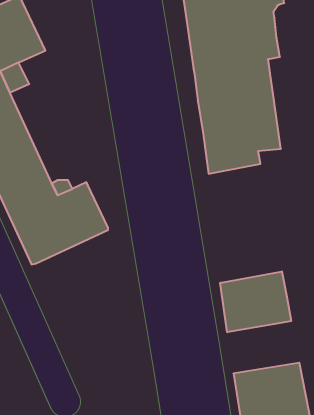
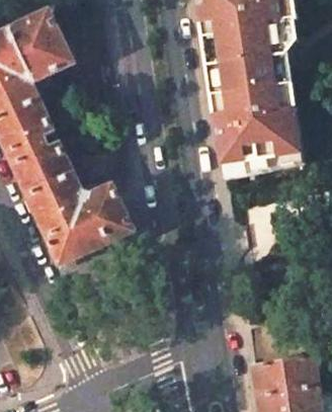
building: [220,271,291,332] -> none

